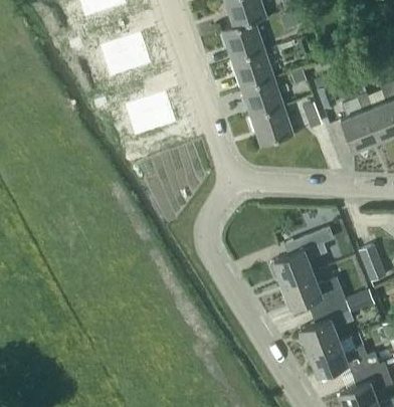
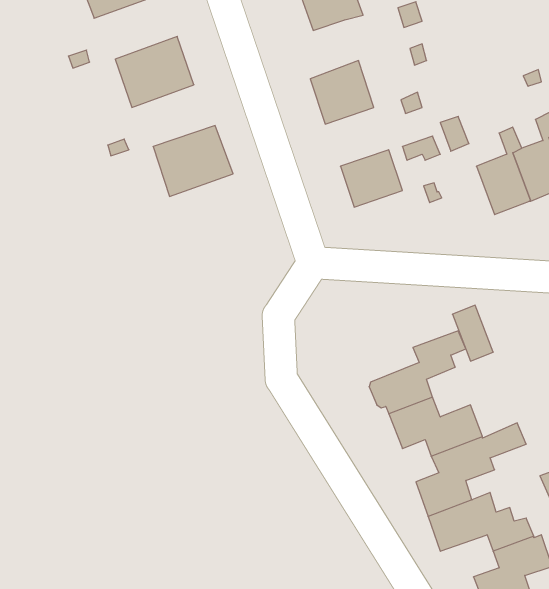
building: [222,21,263,60] -> none
building: [241,79,283,119] -> none
building: [359,244,386,281] -> [452,305,493,361]

